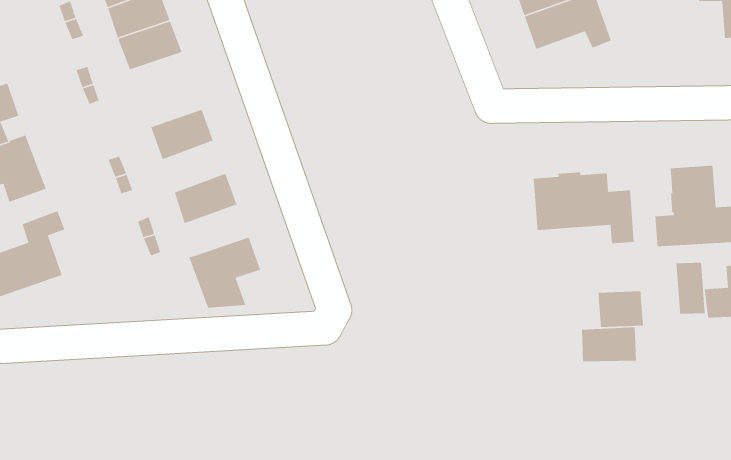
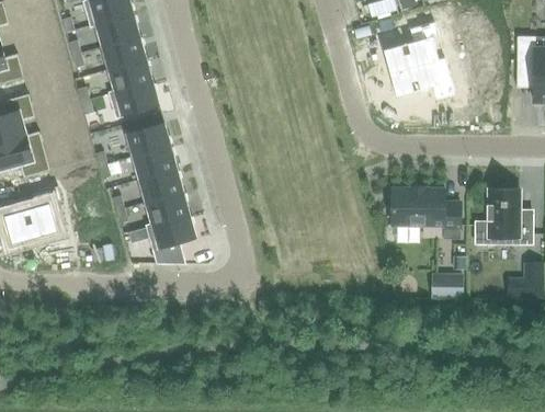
building: none -> [109,82,159,117]
building: none -> [133,146,177,180]
building: none -> [145,192,190,225]
building: [676,262,706,315] -> none
building: [581,327,637,362] -> none

